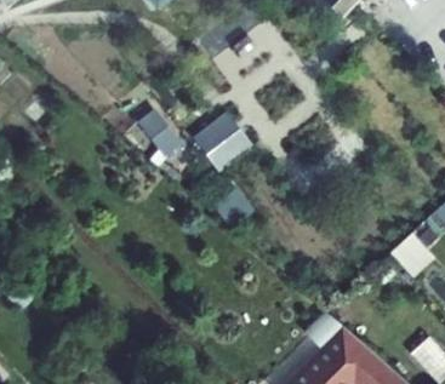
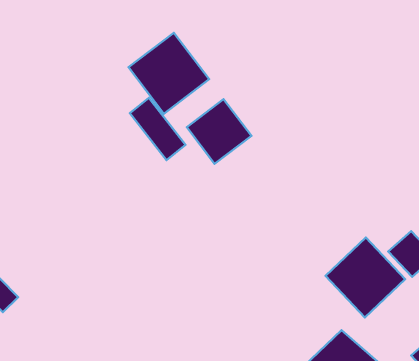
building: none -> [129,33,209,114]
building: none -> [325,238,405,318]

